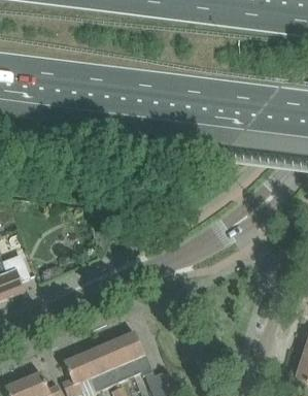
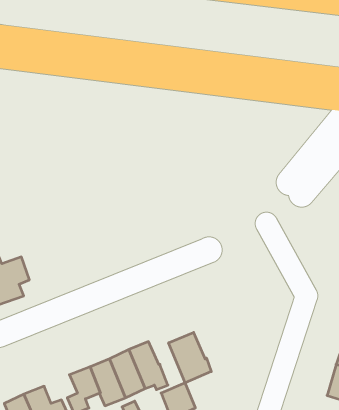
building: none -> [169,332,211,383]

